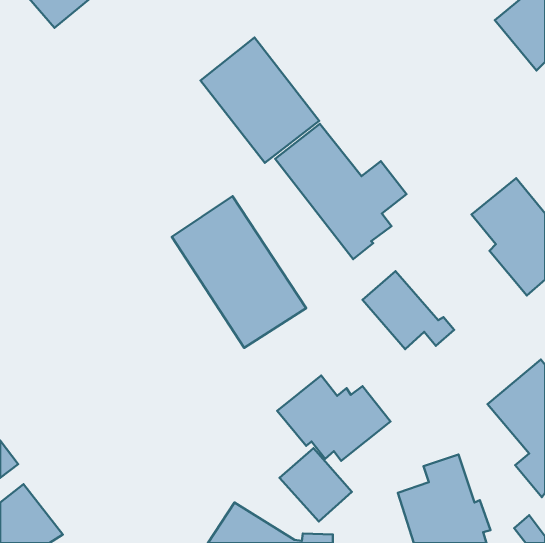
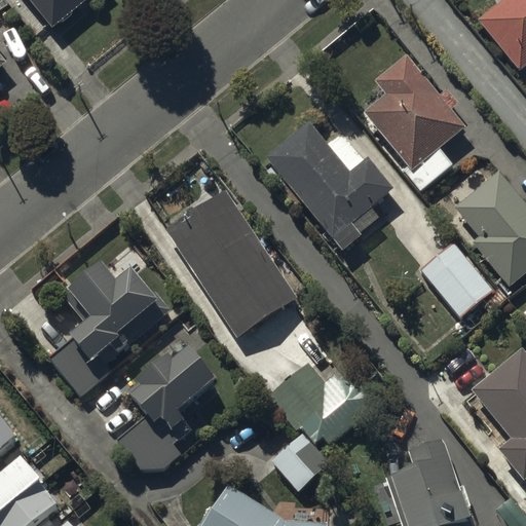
building: [201,38,319,163] -> none
building: none -> [363,52,464,190]
building: [362,271,454,349] -> [419,241,508,316]
building: none -> [48,262,172,397]
building: none -> [117,333,219,468]

